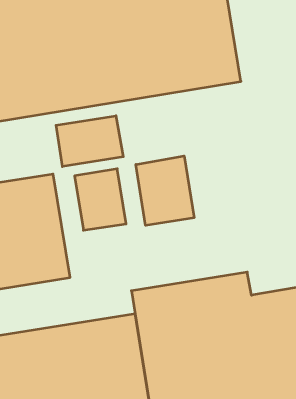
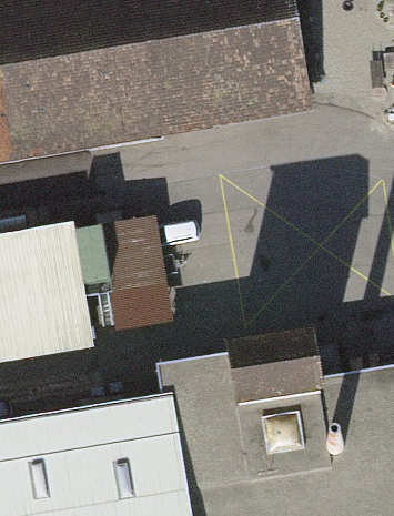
building: [56,116,123,167] -> none
building: [136,156,194,225] -> none

